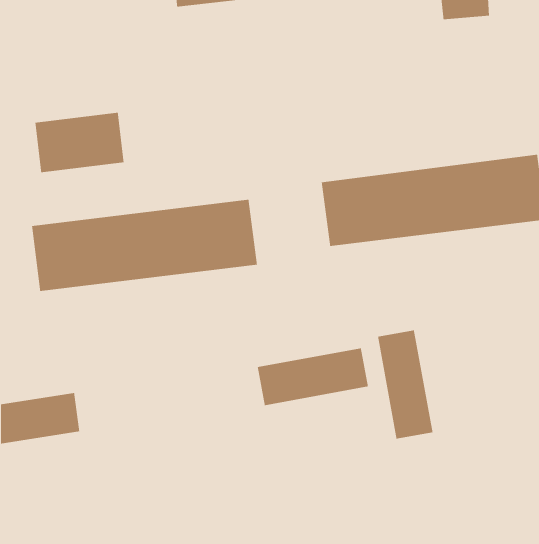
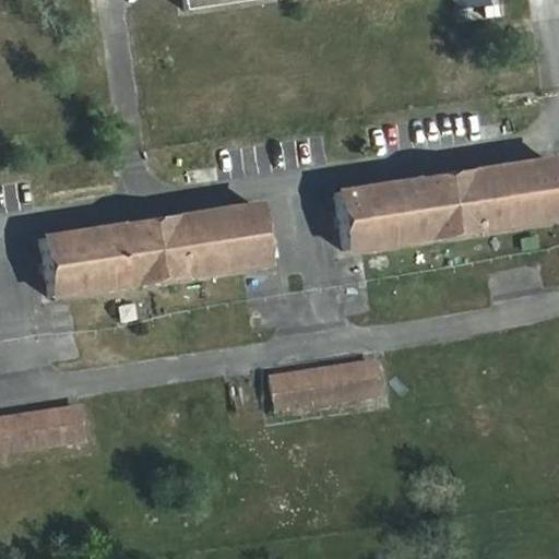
building: [35,112,124,173] -> none
building: [377,330,433,439] -> none

